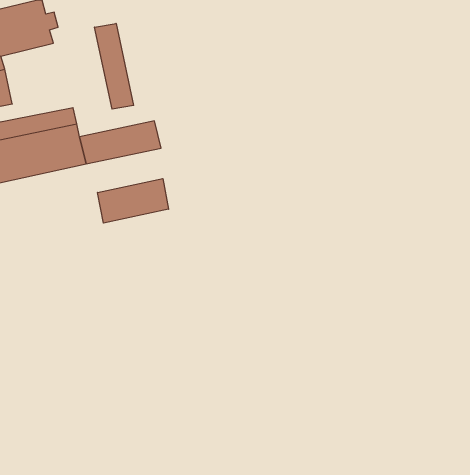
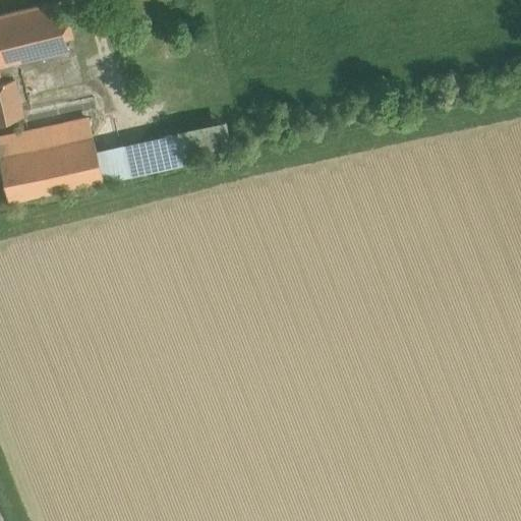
building: [95,23,134,109] -> none
building: [98,179,169,223] -> none

